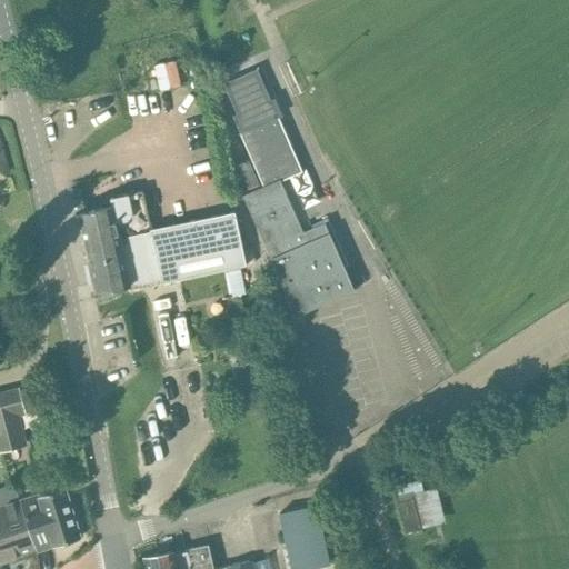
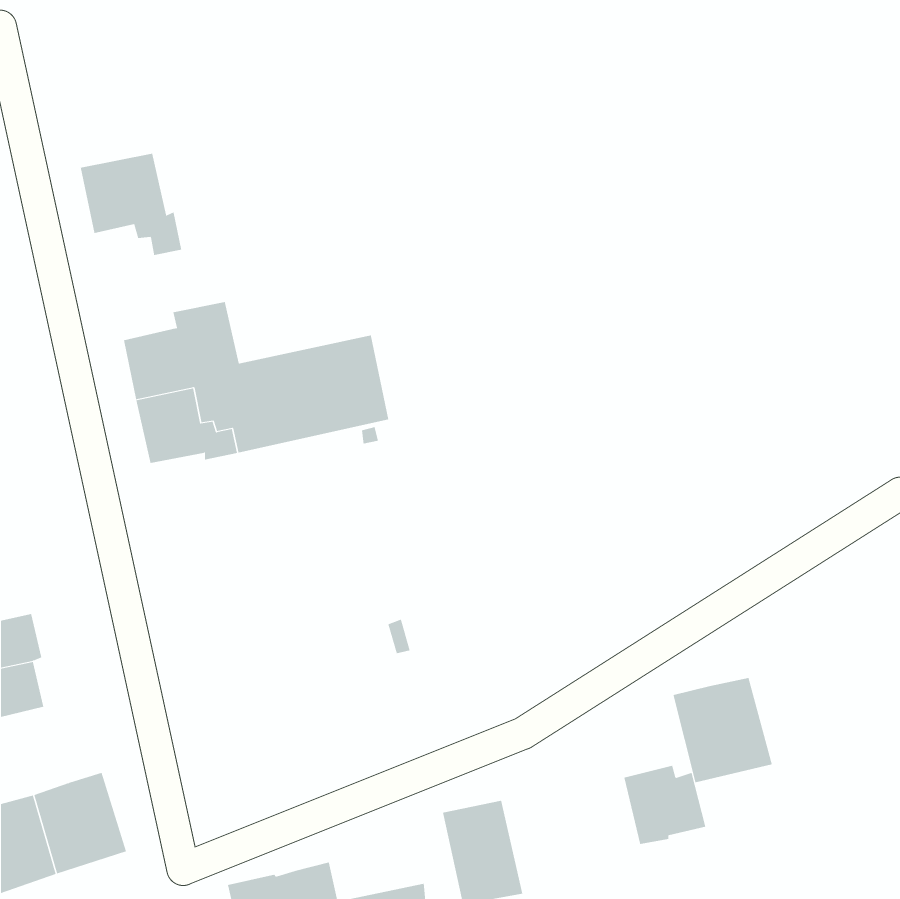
building: [223,71,361,316] -> none
building: none -> [80,153,182,256]
building: none -> [673,677,773,783]

